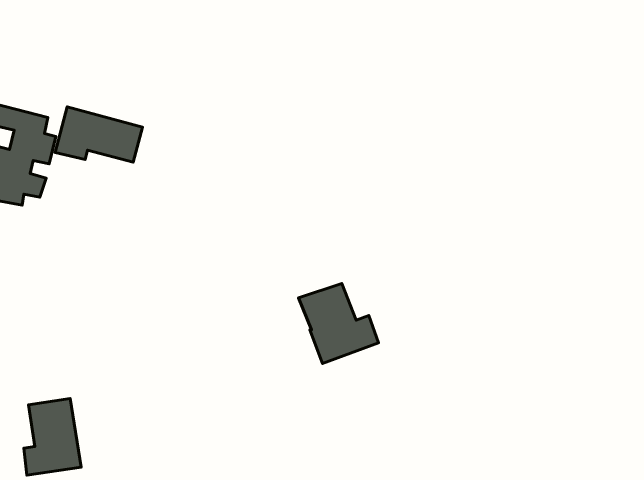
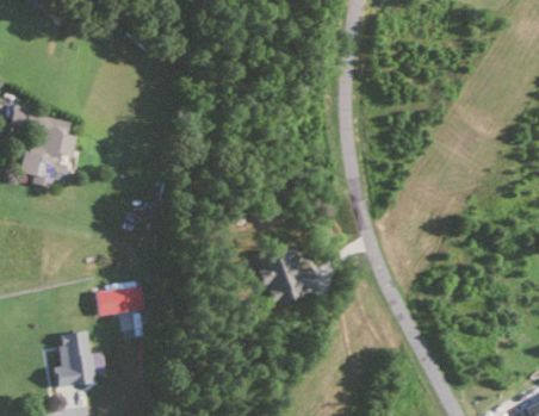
building: [55,107,143,162] -> none
building: none -> [95,285,144,317]

